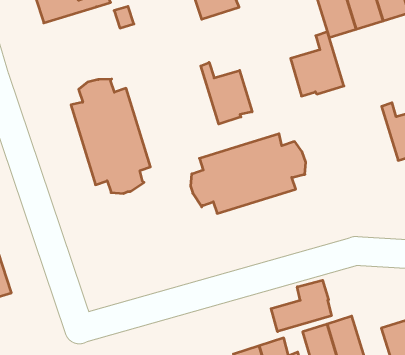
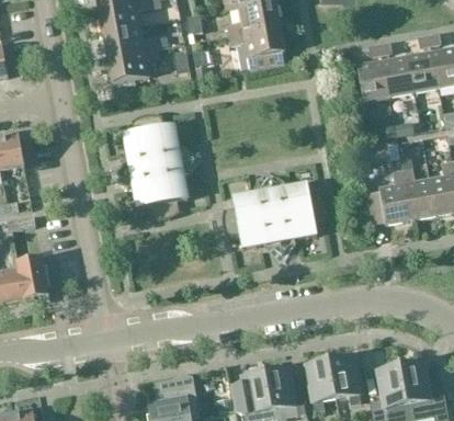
building: none -> [107,47,159,82]
building: [291,32,344,96] -> [366,169,411,224]
building: [201,62,252,124] -> none
building: [271,280,331,332] -> none

